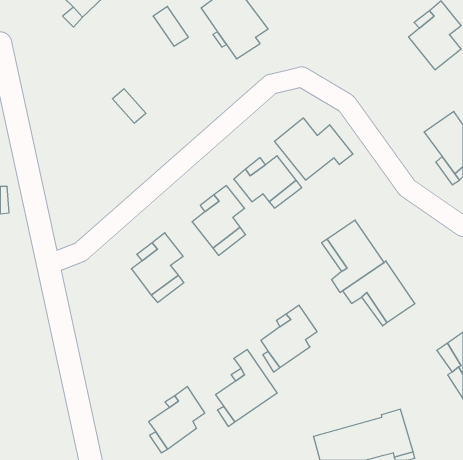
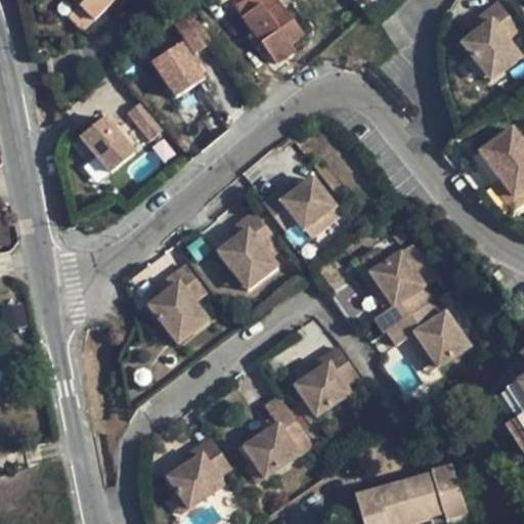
building: none -> [154,42,206,97]
building: none -> [80,117,134,173]
building: [275,118,353,180] -> none

